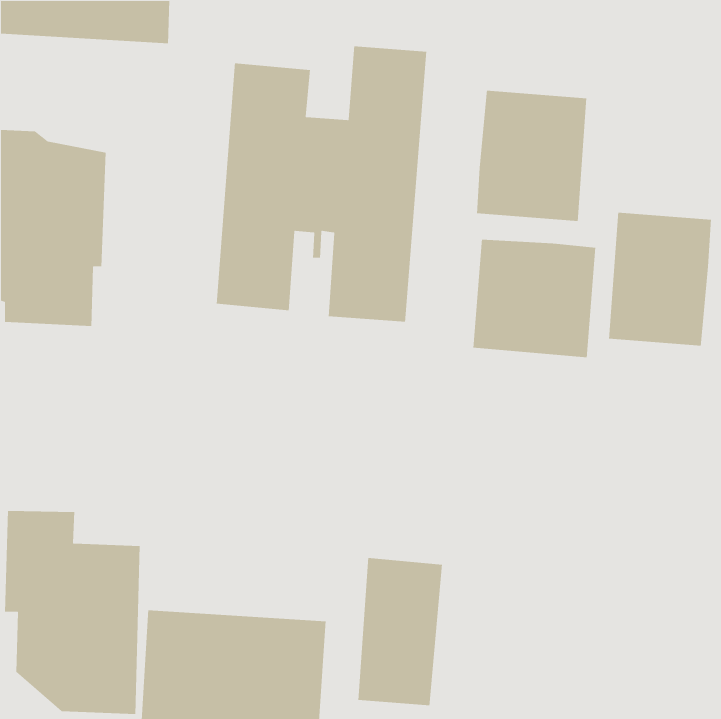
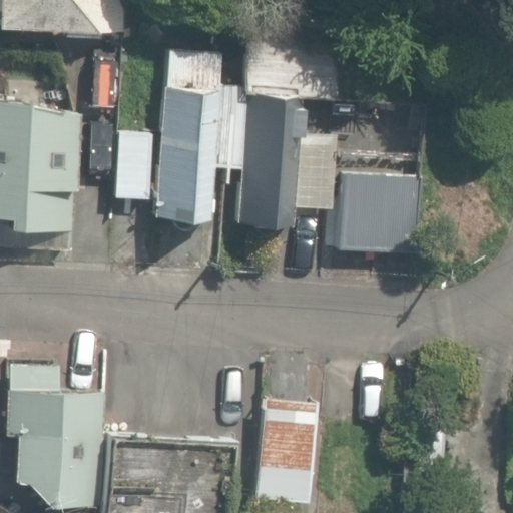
building: [476,90,587,222] -> none
building: [608,212,712,346] -> none

